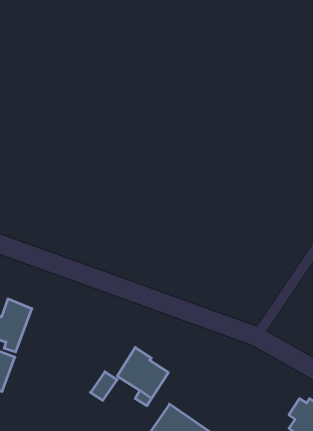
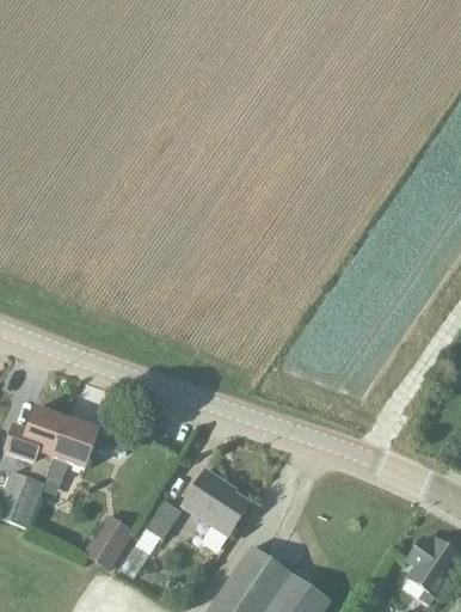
building: none -> [47,417,100,482]
building: none -> [82,513,135,571]

